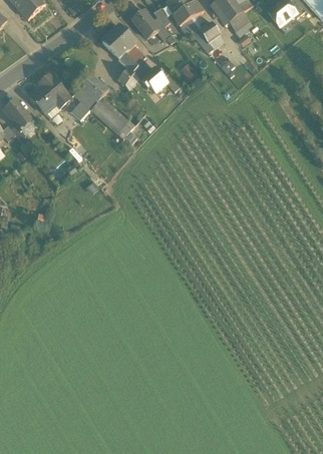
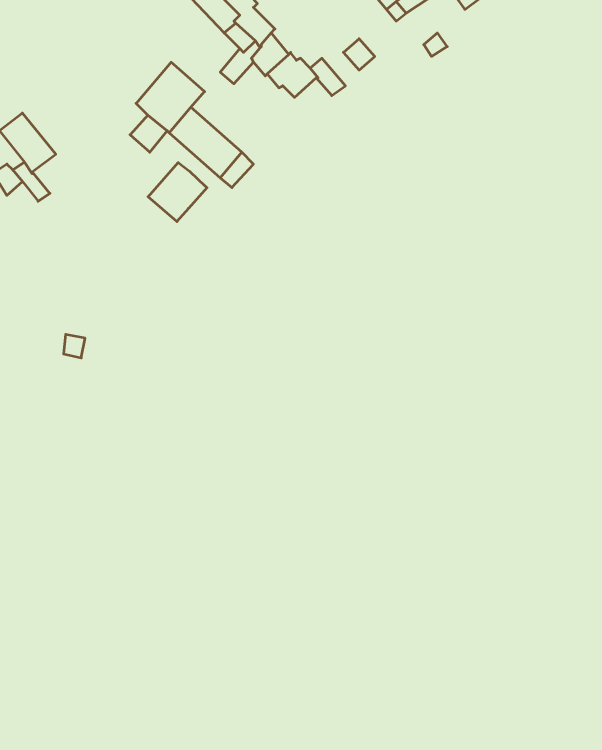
building: [30,73,70,111] -> none
building: none -> [148,163,207,222]

